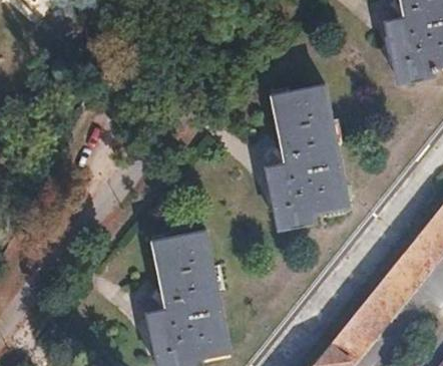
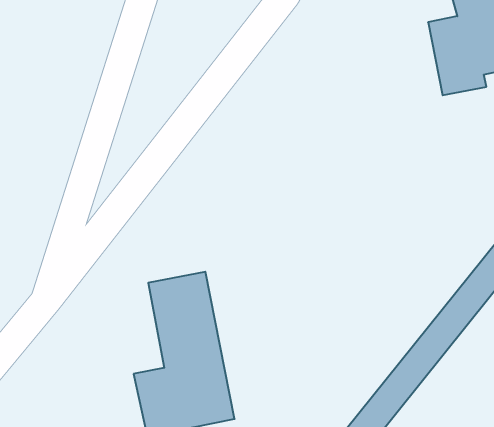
building: [265,84,348,231] -> none

